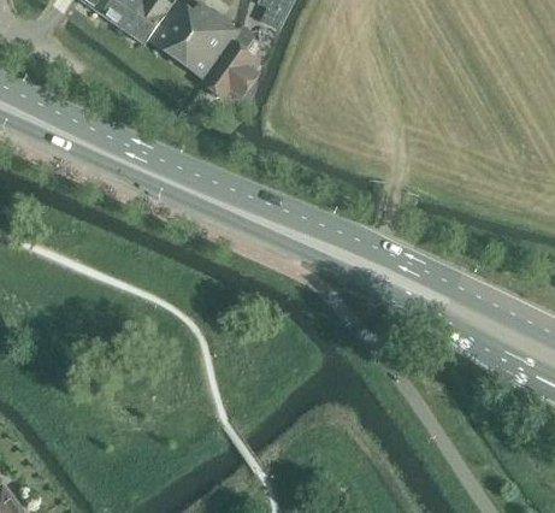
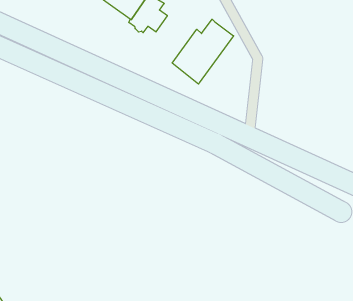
building: none -> [172,19,234,84]

